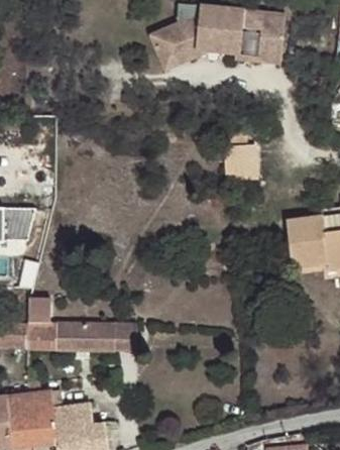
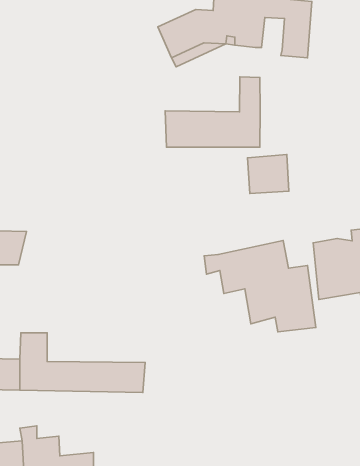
building: none -> [165,77,260,147]
building: none -> [204,240,316,332]

